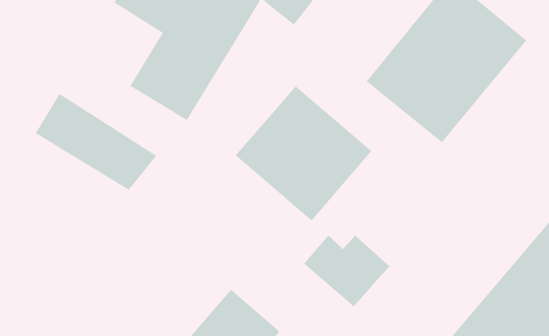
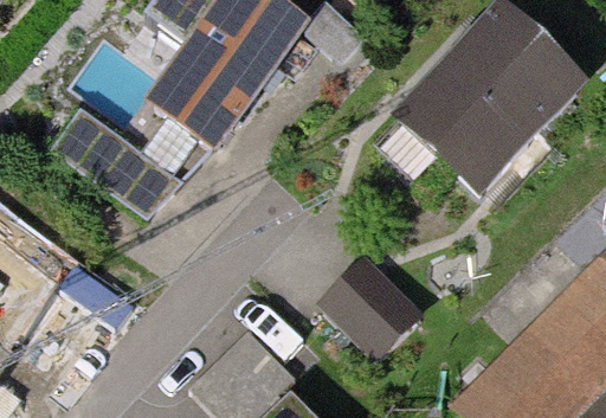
building: [235,86,372,222] -> none

